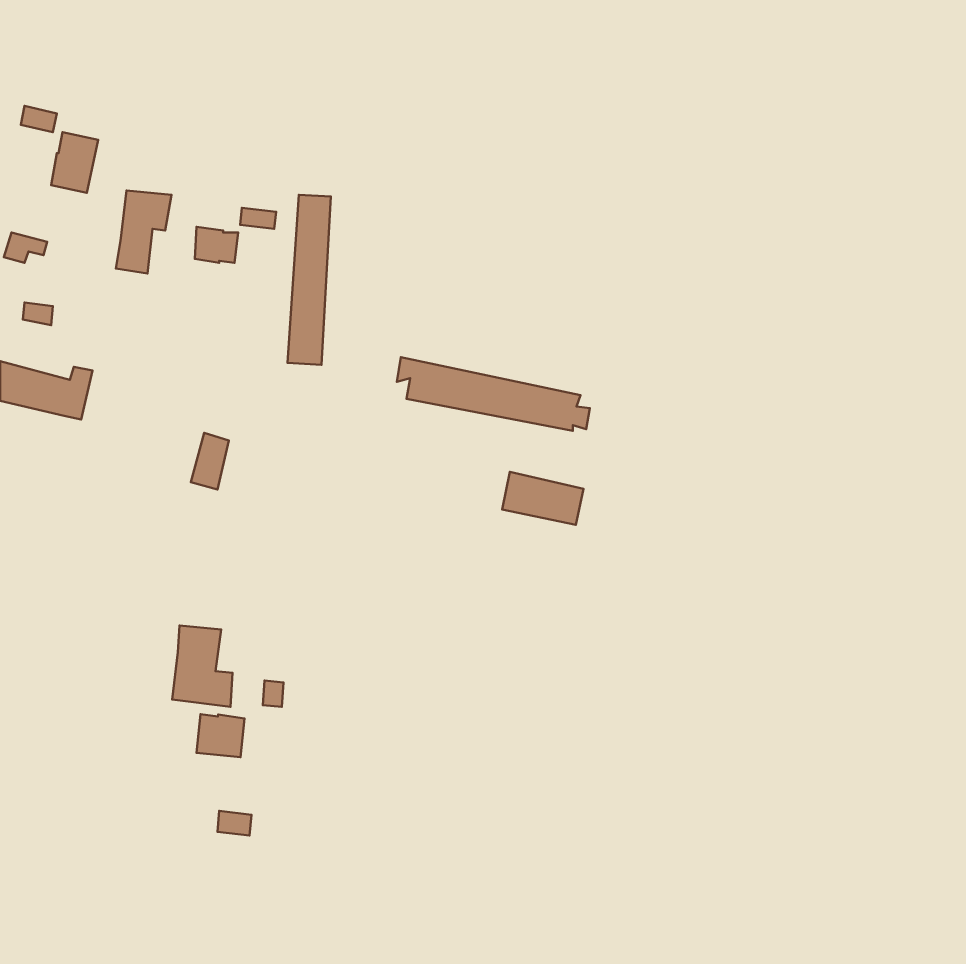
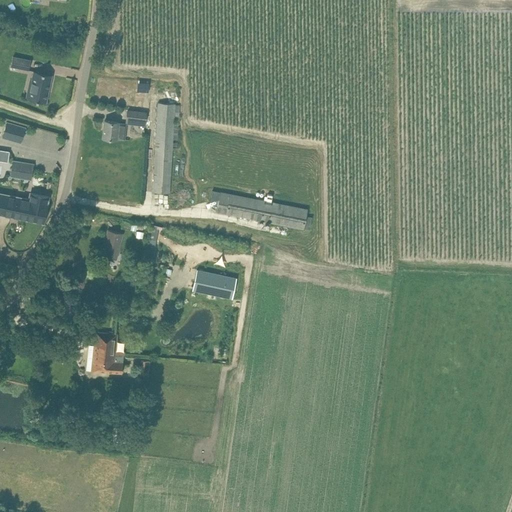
building: [116,190,171,273] -> none
building: [502,472,584,525] -> [193,270,236,298]
building: [197,714,245,757] -> none

